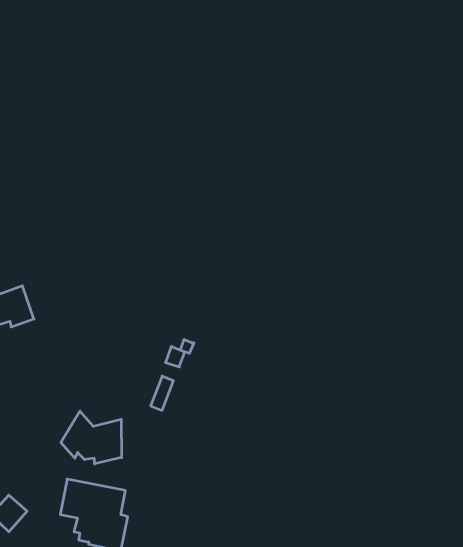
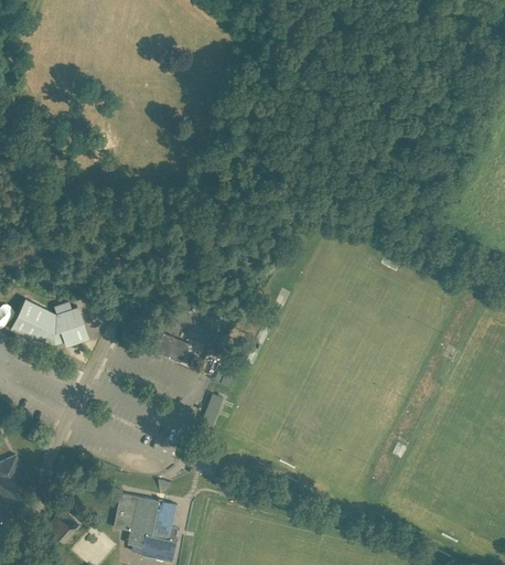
building: none -> [153,333,187,363]
building: [61,411,122,464] -> none

